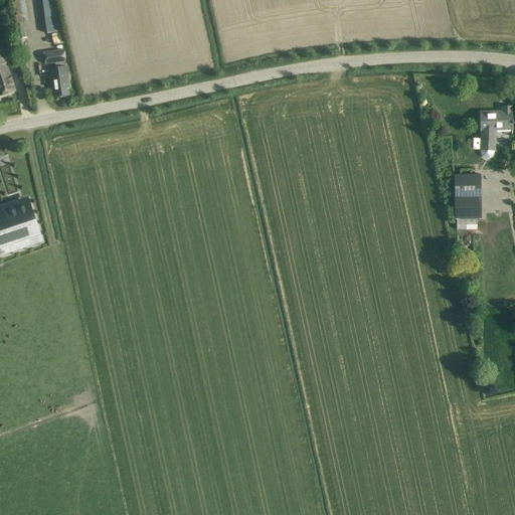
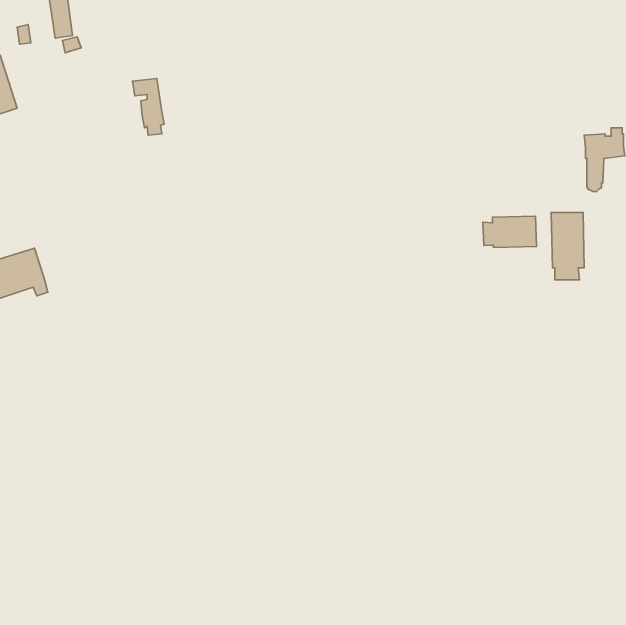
building: [42,48,68,95] -> [132,79,164,135]
building: none -> [483,216,537,247]

